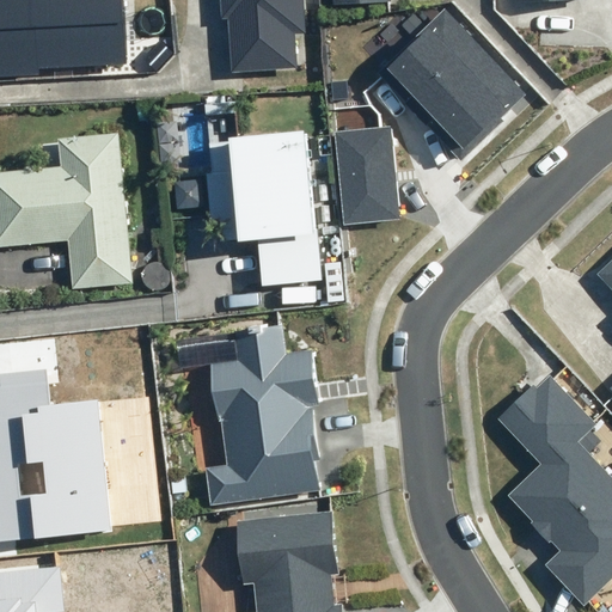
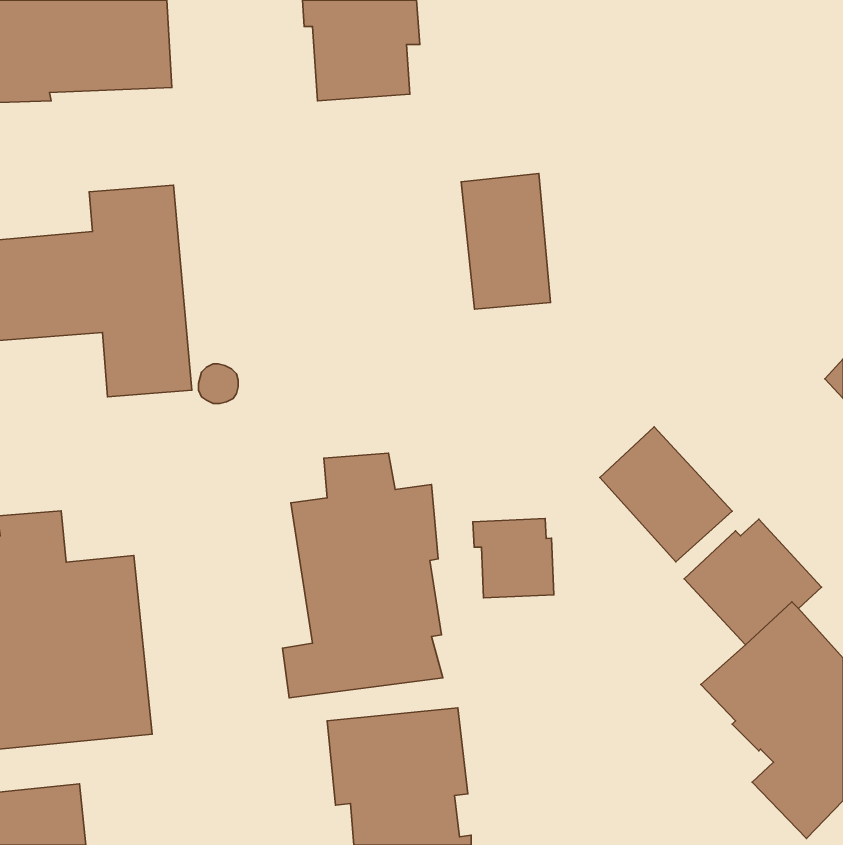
building: [377,7,525,159] -> none
building: [207,124,323,304] -> none
building: none -> [600,427,732,562]
building: none -> [473,519,554,598]

